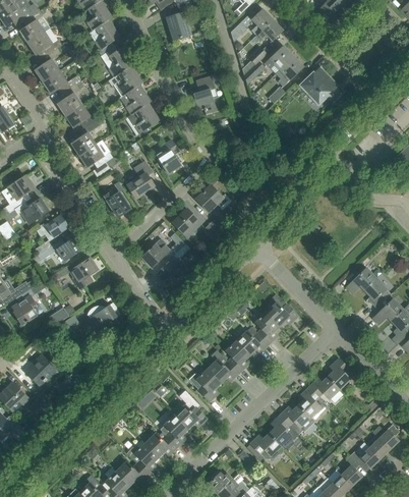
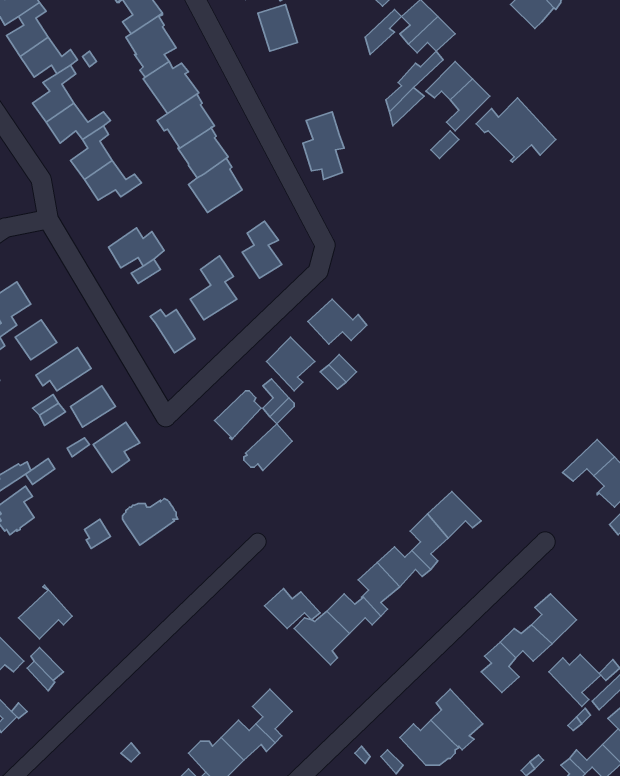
building: [71,116,104,155] -> none
building: [174,404,207,428] -> [265,588,320,628]
building: [280,404,310,435] -> [549,654,601,706]

